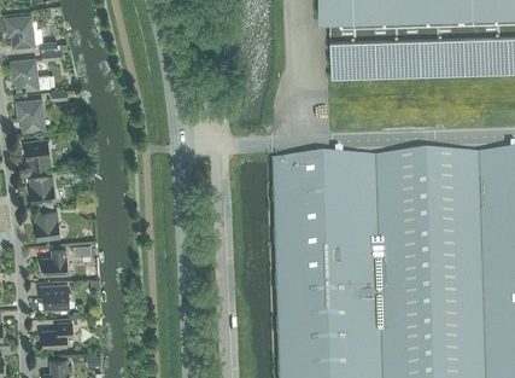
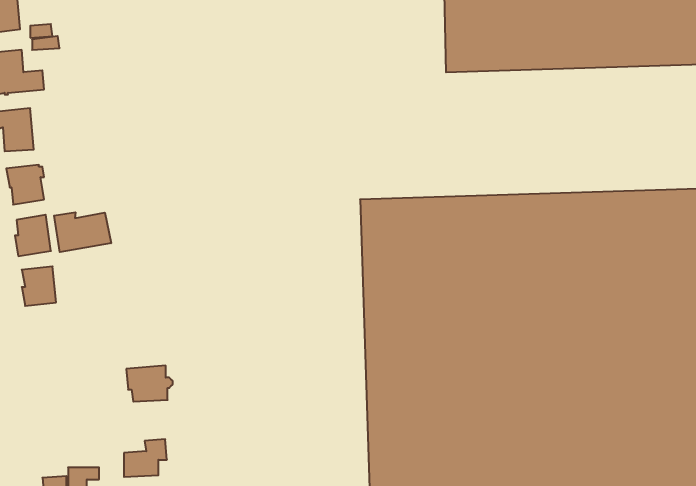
building: none -> [54,212,111,252]
building: [41,248,66,273] -> none
building: [39,283,71,308] -> [126,366,173,402]
building: [41,320,71,347] -> [124,439,167,477]

